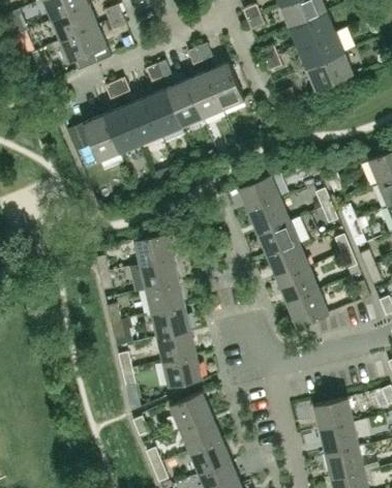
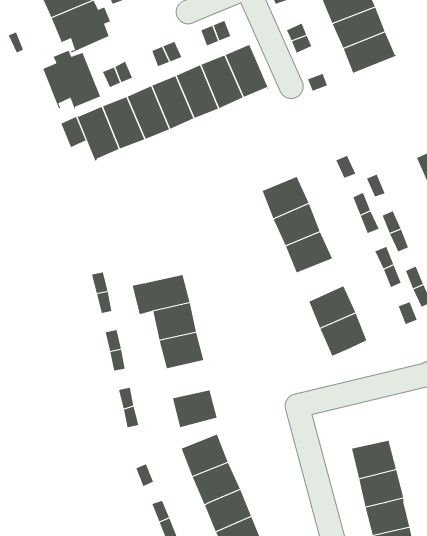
building: none -> [43,50,101,110]
building: [134,233,173,266] -> none
building: [268,245,308,281] -> none
building: [158,331,195,363] -> none

